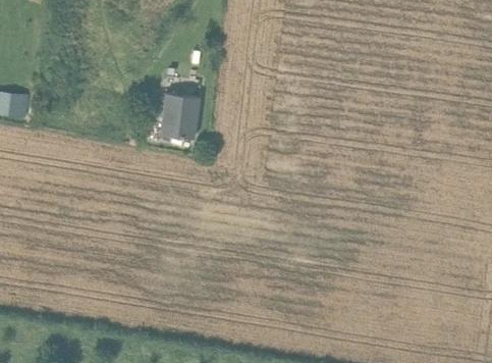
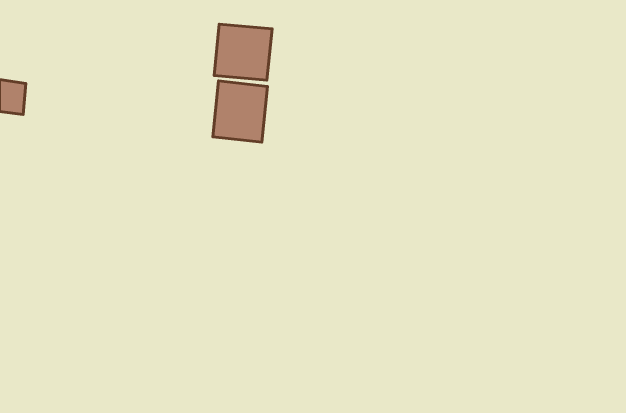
building: none -> [214,24,272,80]

